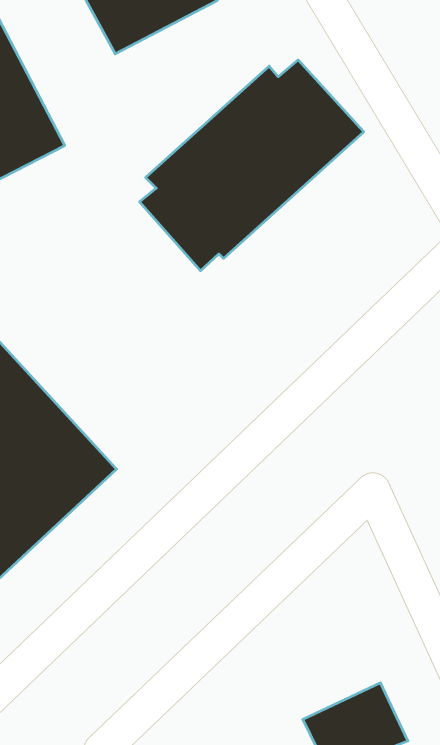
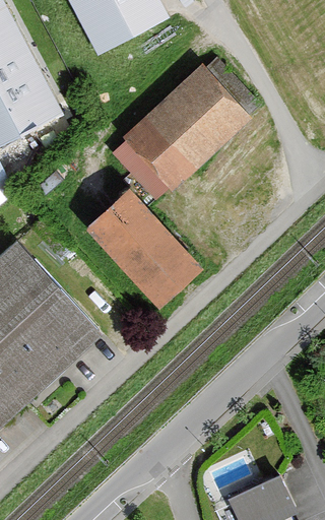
building: none -> [79,187,196,305]

